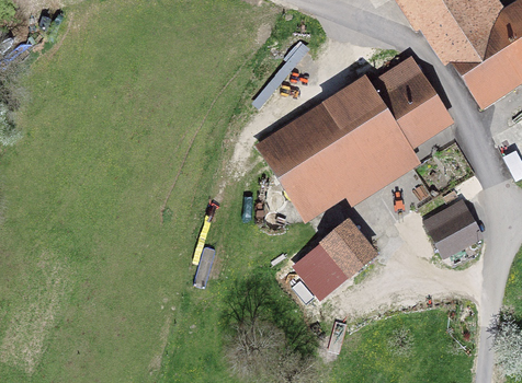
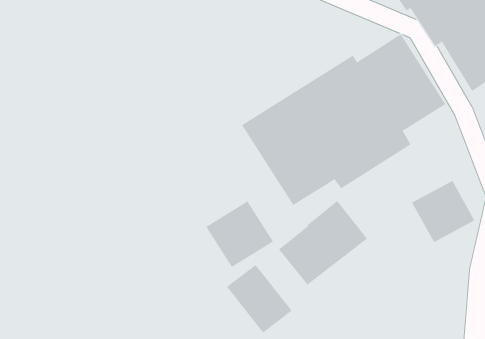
building: none -> [206,201,274,268]
building: none -> [226,264,293,333]

